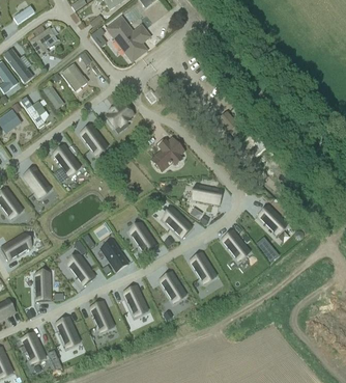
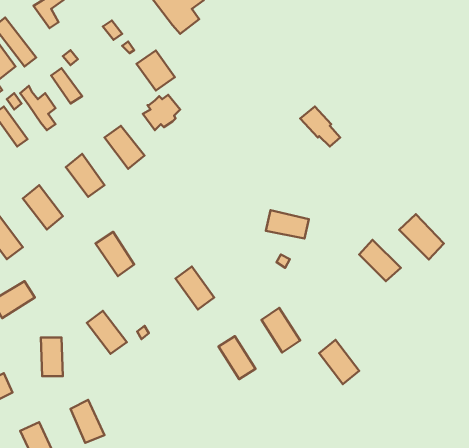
building: [61,63,88,91] -> [136,50,175,90]
building: [155,139,182,166] -> none
building: none -> [399,214,444,259]
building: [163,208,193,237] -> none
building: [222,229,250,261] -> [319,340,359,384]
building: [100,240,127,271] -> [96,232,134,276]
building: [123,285,148,316] -> none
building: [89,301,114,332] -> none

